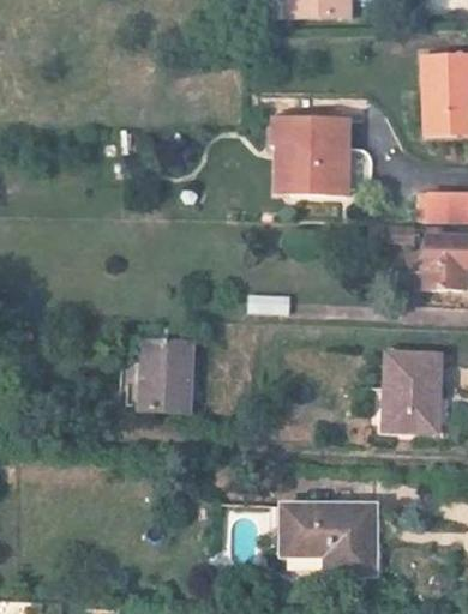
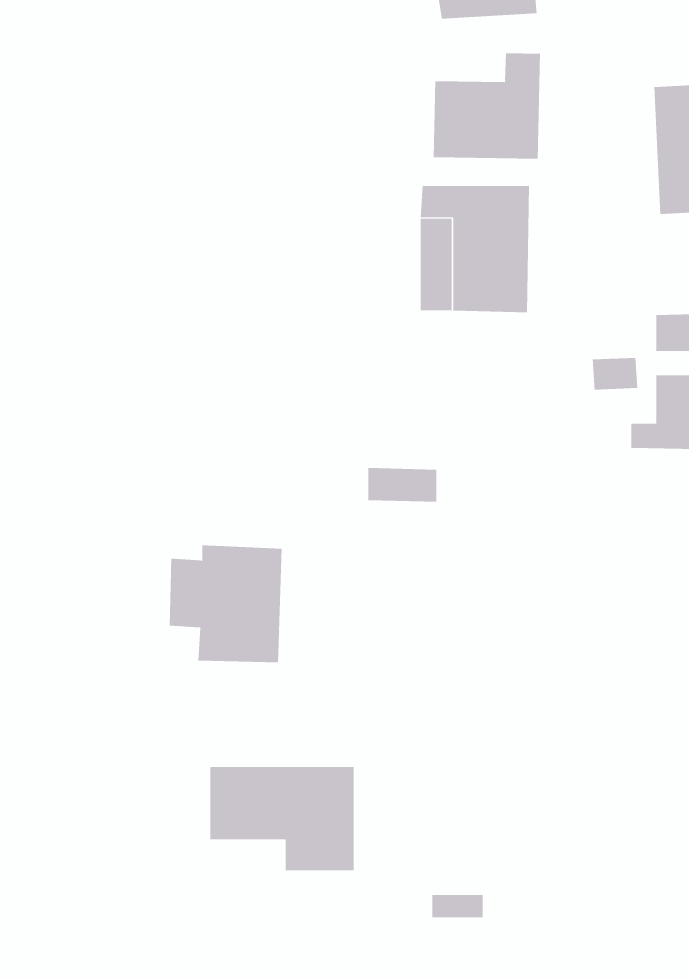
building: none -> [433,53,541,159]
building: [386,351,440,427] -> none
building: [284,504,374,568] -> [209,767,354,871]

